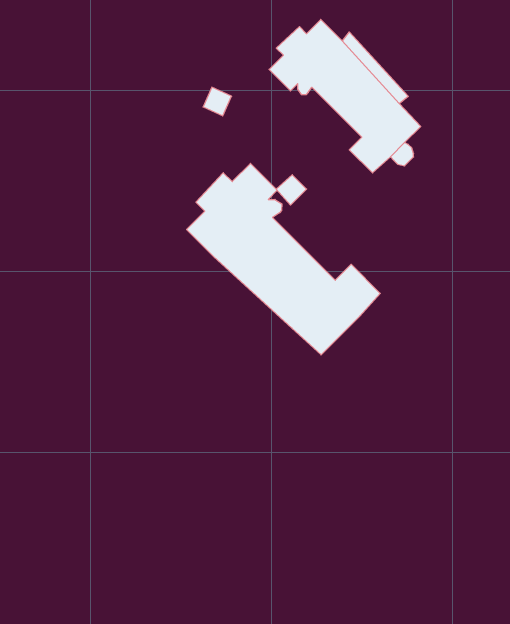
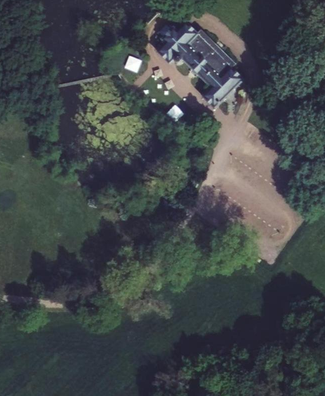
building: [187,163,380,355] -> none

